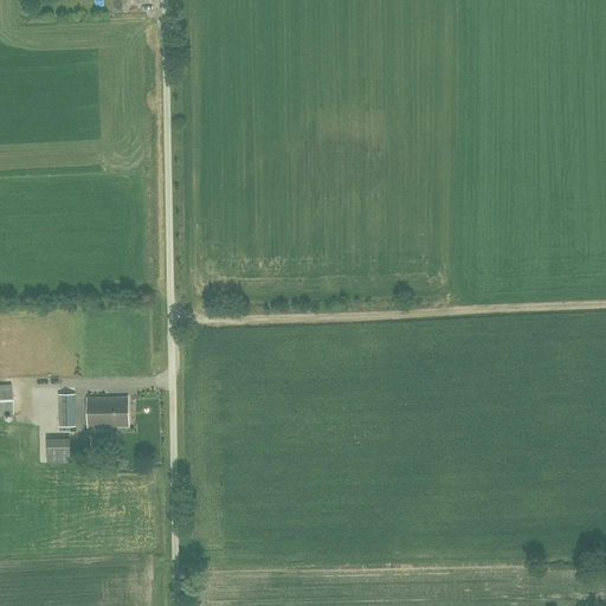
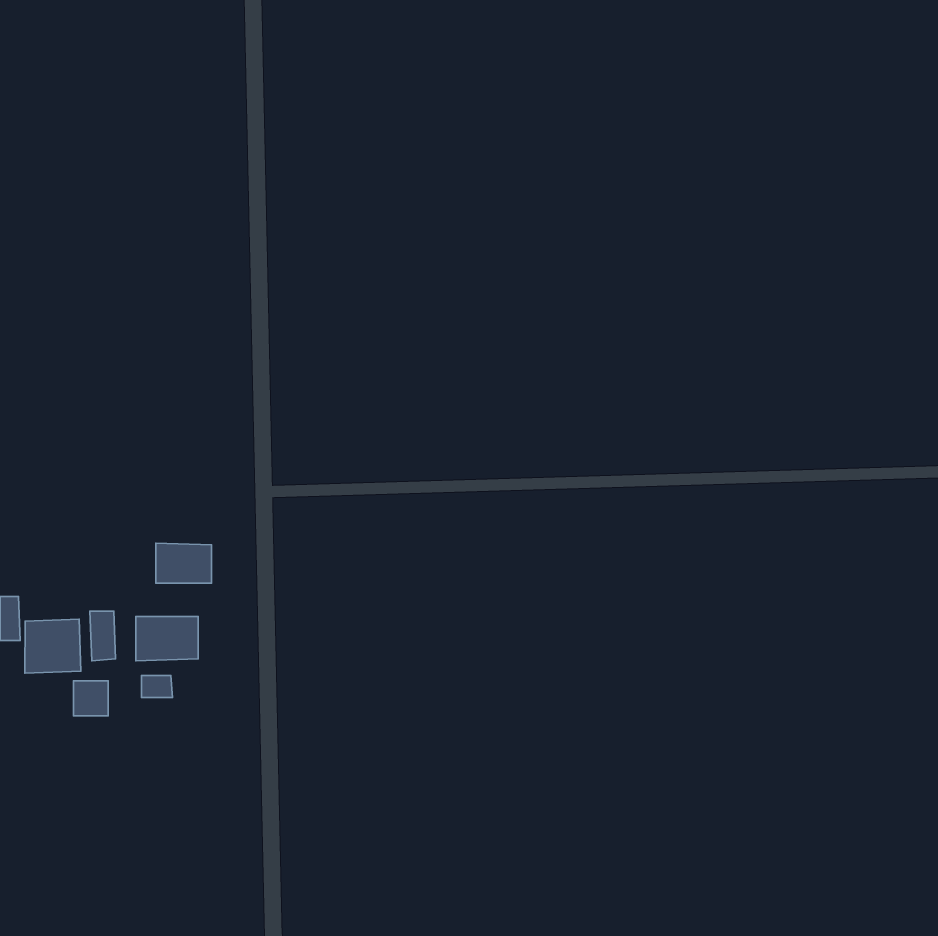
building: none -> [156,543,212,583]
building: none -> [25,619,81,673]

